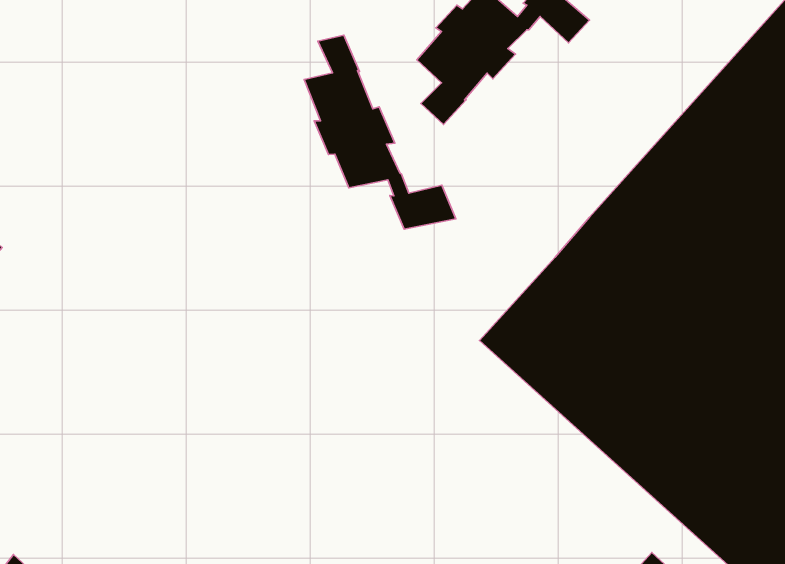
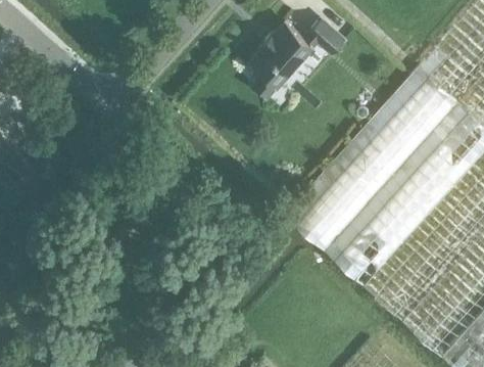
building: [304,35,456,229] -> none

